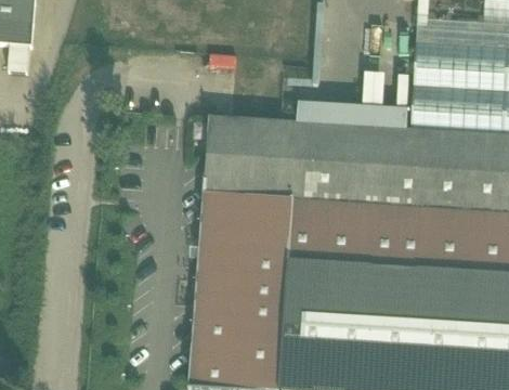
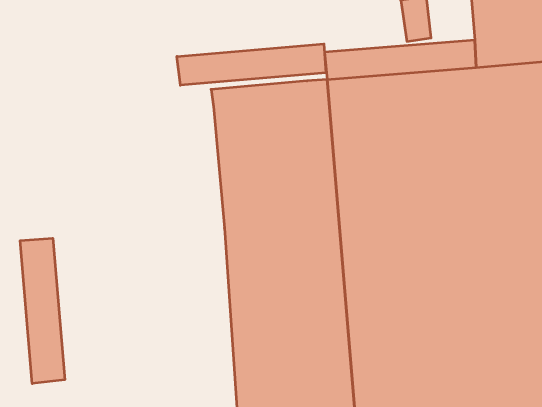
building: none -> [177,44,326,85]
building: none -> [20,238,65,384]

